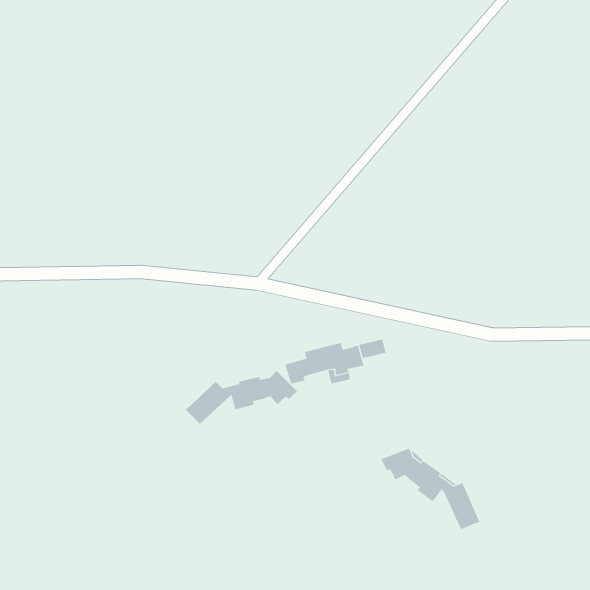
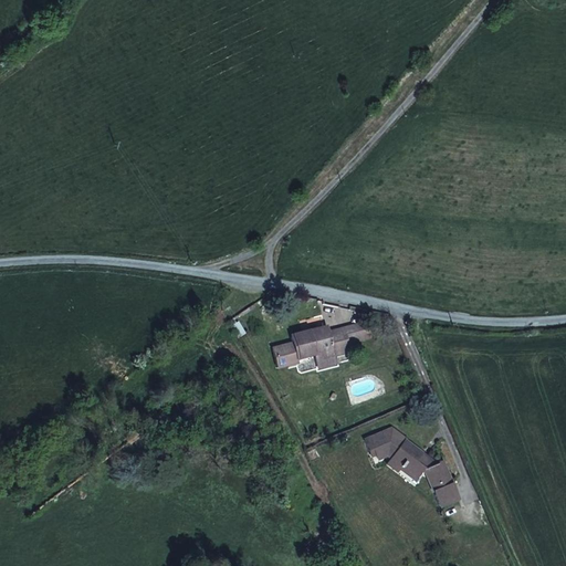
building: [185,370,298,424] -> none

